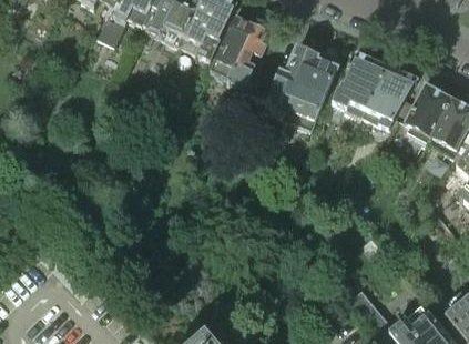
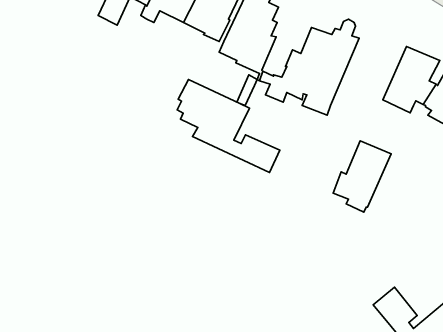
building: [332,52,386,119] -> [333,141,391,212]
building: none -> [177,79,280,172]

